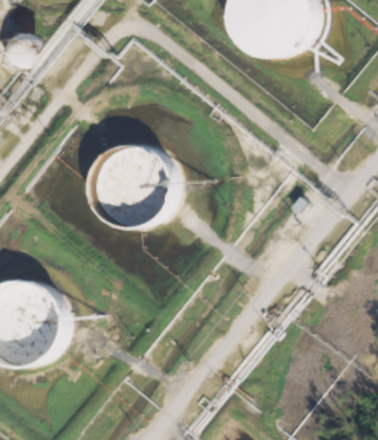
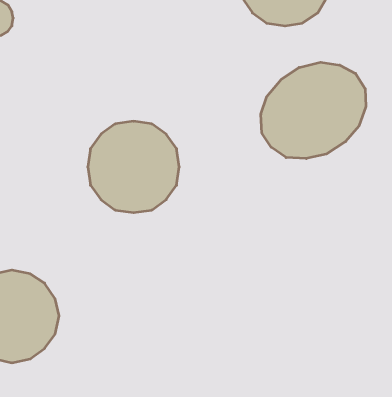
building: none -> [261,62,366,159]

